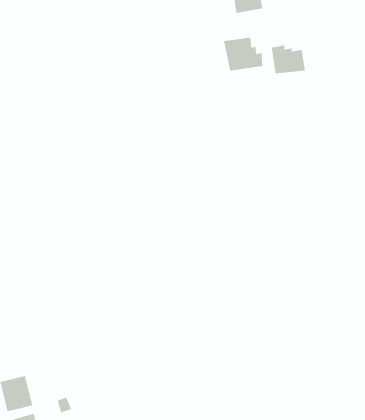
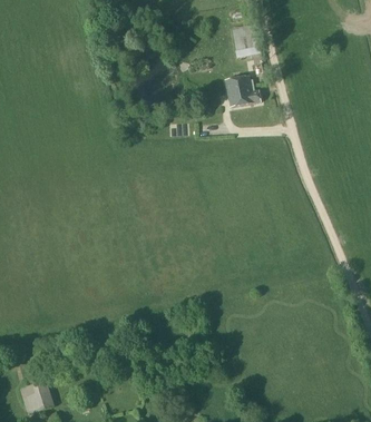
building: [271,45,306,74] -> none

